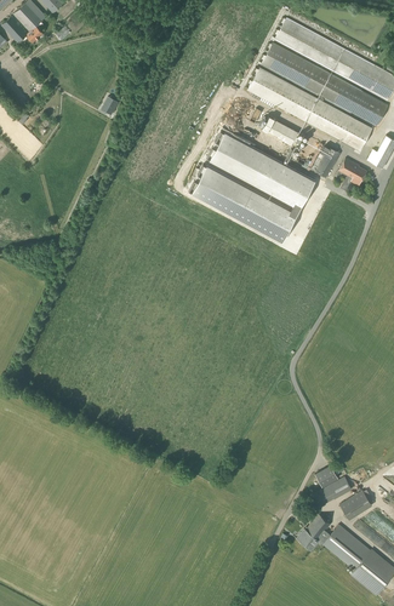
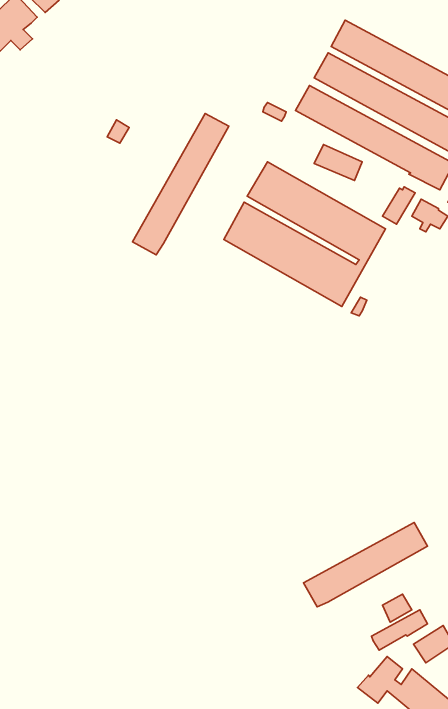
building: none -> [133,113,229,255]
building: none -> [304,522,428,607]

